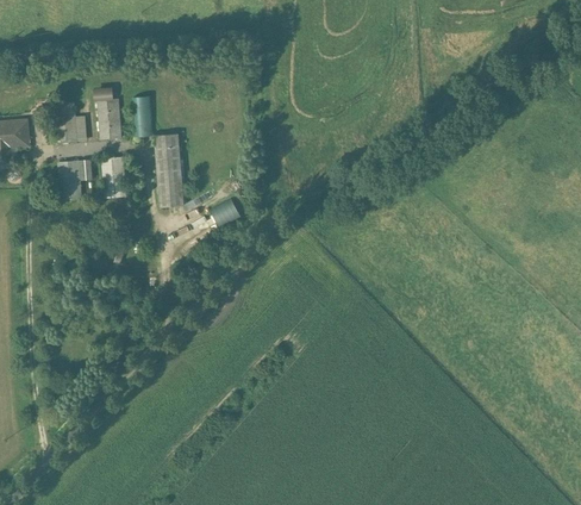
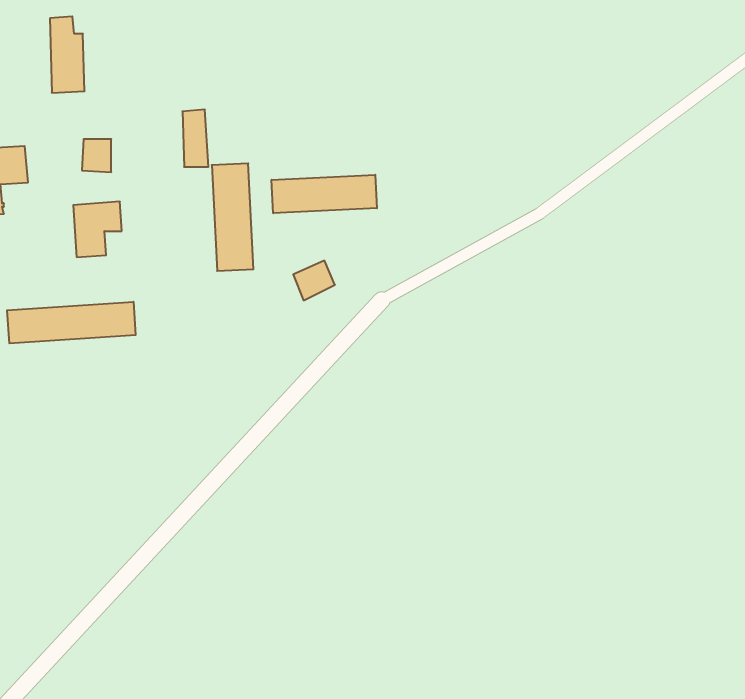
building: [96,86,120,138] -> [50,16,85,93]
building: none -> [272,175,377,213]
building: none -> [7,302,136,343]

